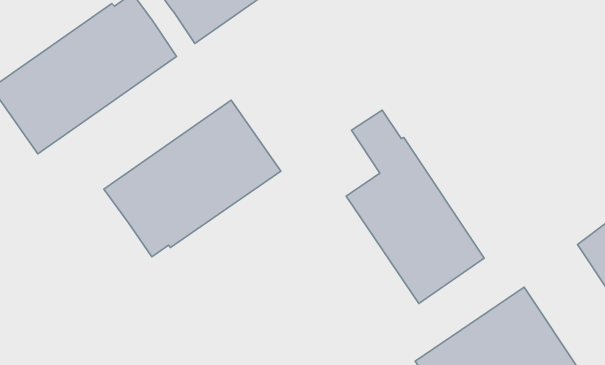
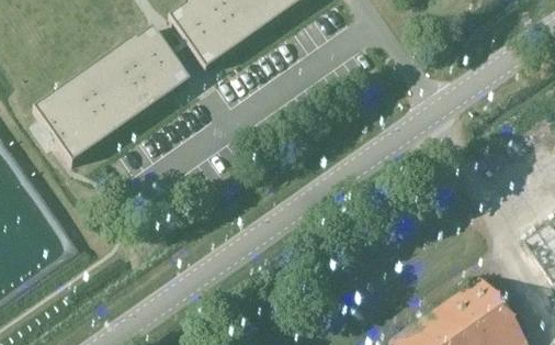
building: [104,100,281,257] -> none
building: [346,110,484,303] -> none

